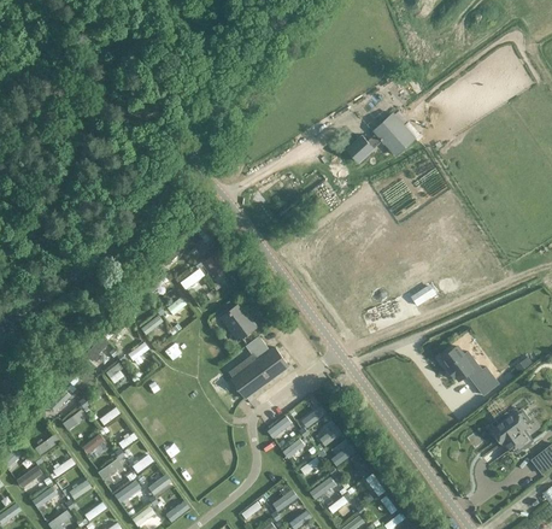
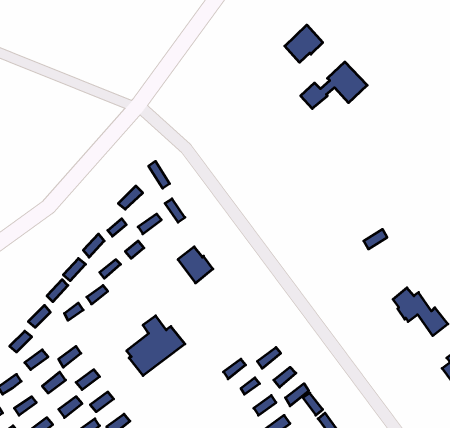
building: none -> [285,25,323,62]
building: [229,335,289,396] -> [127,316,185,376]

